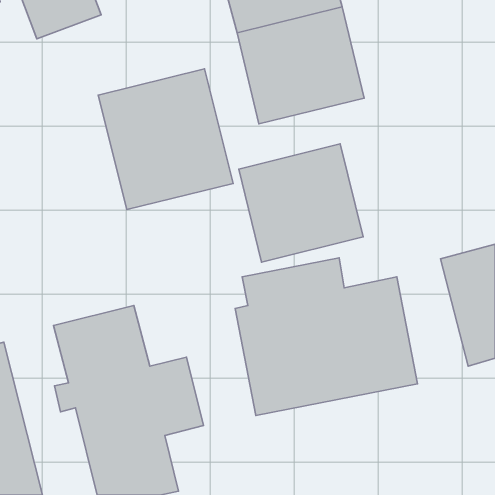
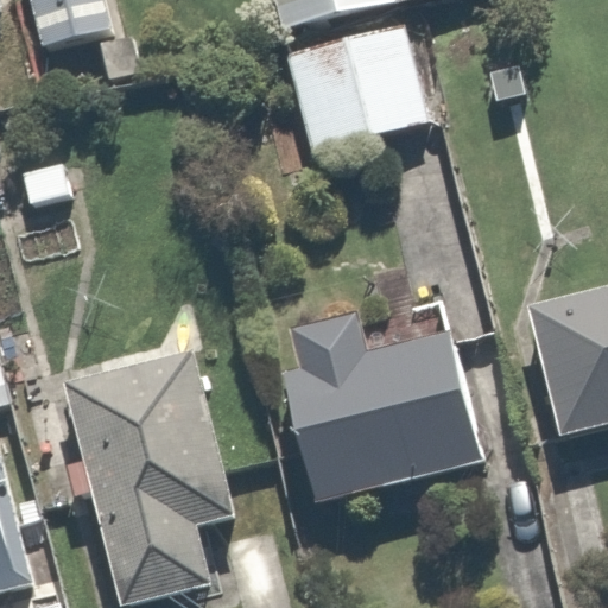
building: [98,69,233,210] -> none
building: [239,144,363,262] -> none

